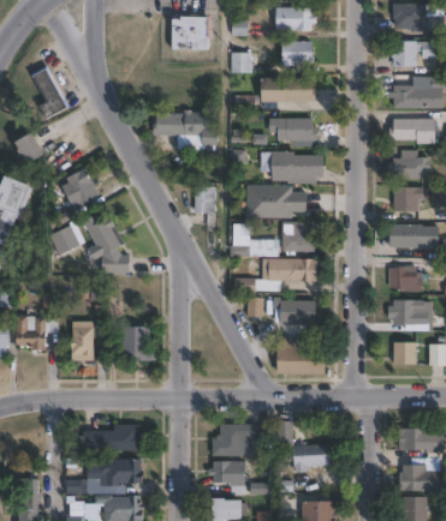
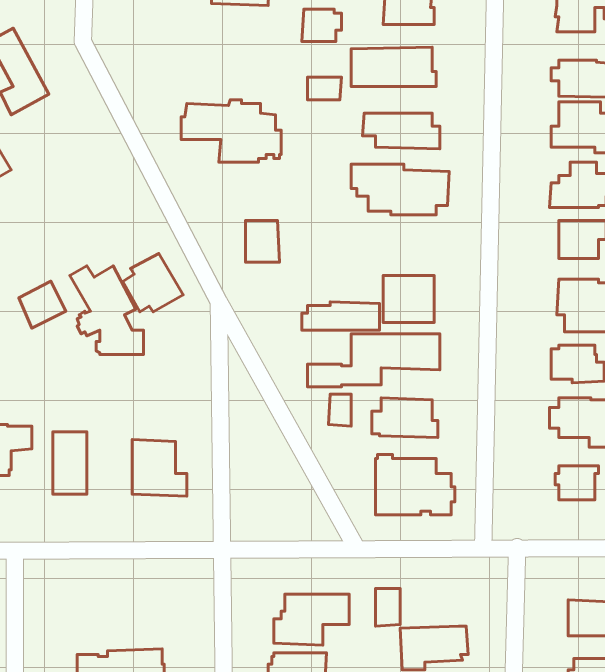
building: [60,169,99,206] -> [123,253,183,312]
building: [245,186,307,220] -> none
building: [82,425,143,453] -> none

